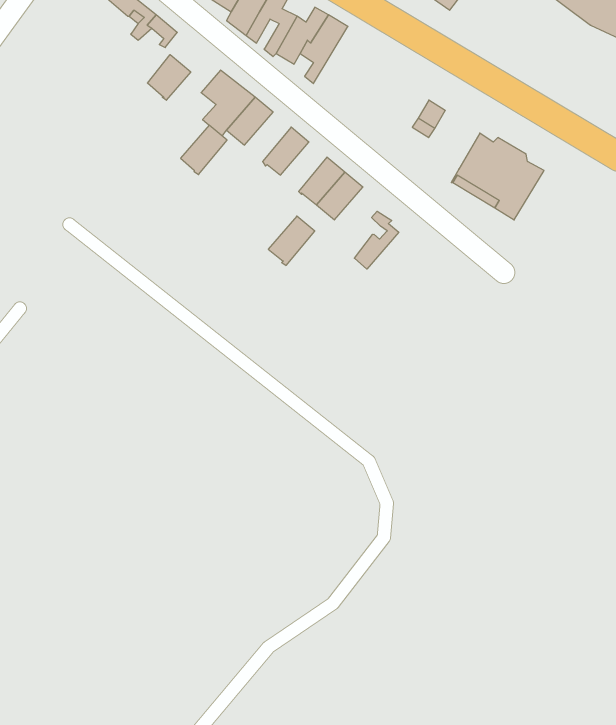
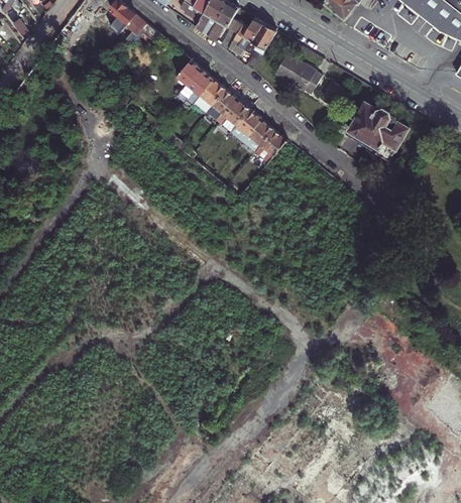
building: [147,55,191,100] -> none
building: none -> [274,53,321,93]
building: [181,125,227,175] -> [206,88,237,121]
building: [354,211,399,269] -> none
building: [268,216,315,265] -> [230,108,261,141]

